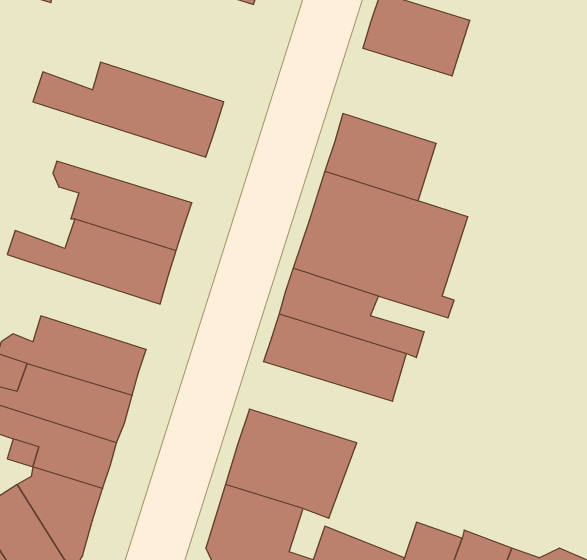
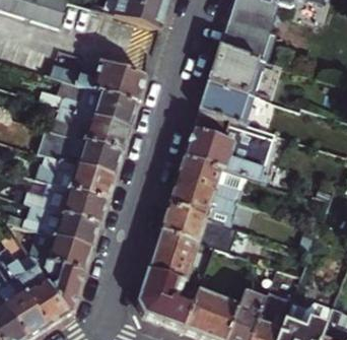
building: none -> [207,46,266,94]
building: none -> [61,84,137,125]
building: none -> [42,154,114,200]
building: none -> [159,206,237,253]

